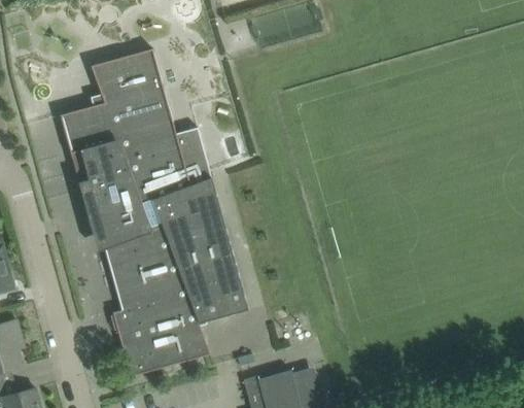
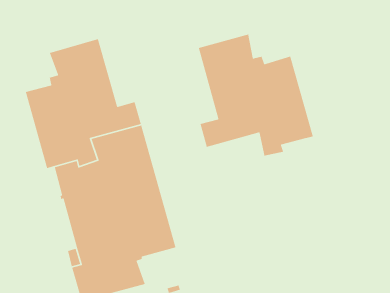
building: none -> [198,33,314,156]

